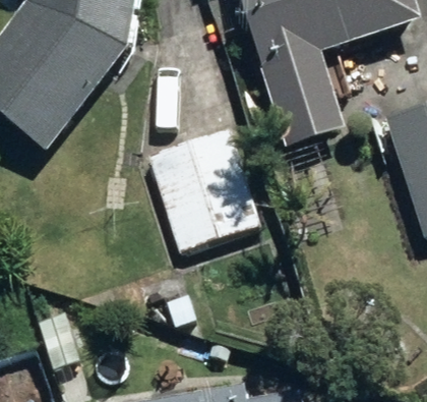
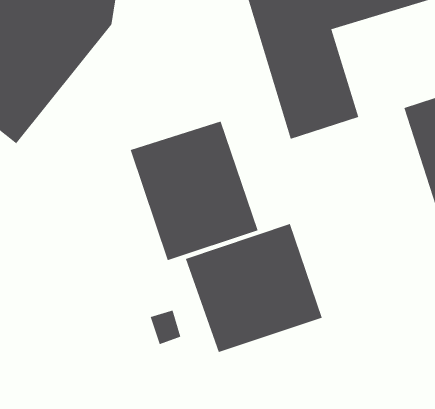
building: none -> [185,223,322,353]

